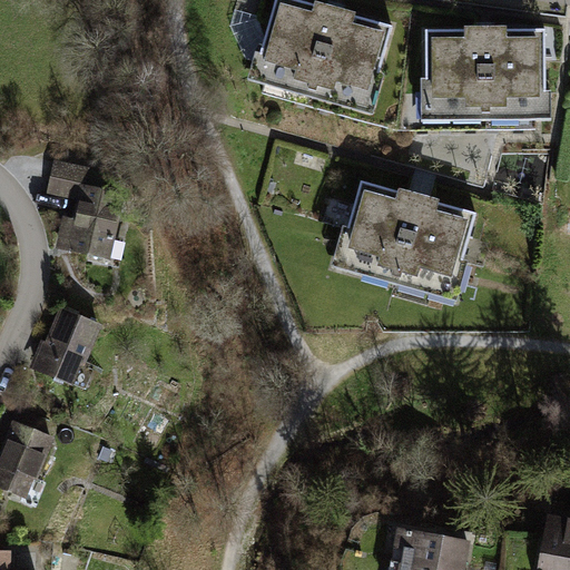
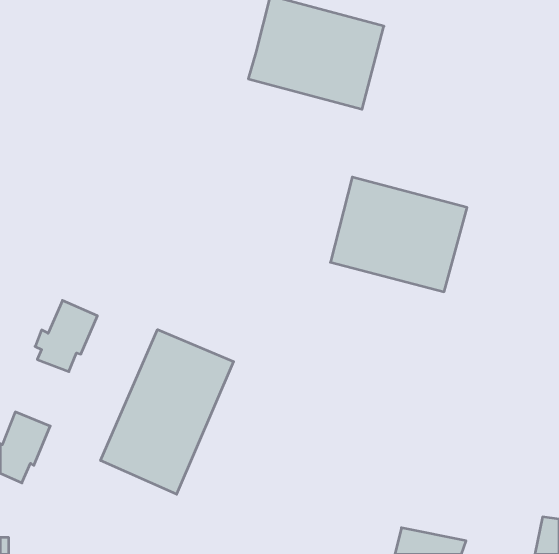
building: [424,29,547,125] -> none
building: [49,158,121,253] -> none
building: none -> [101,330,234,494]

